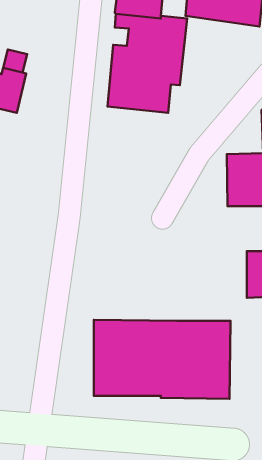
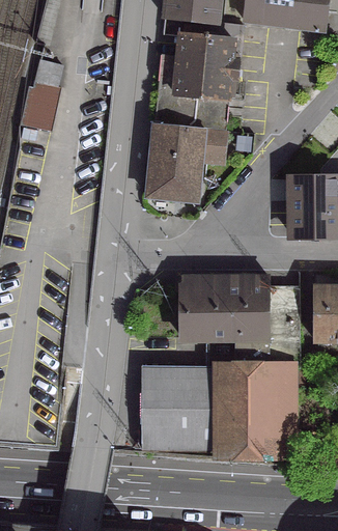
building: none -> [145,123,225,200]
building: none -> [179,276,298,367]

